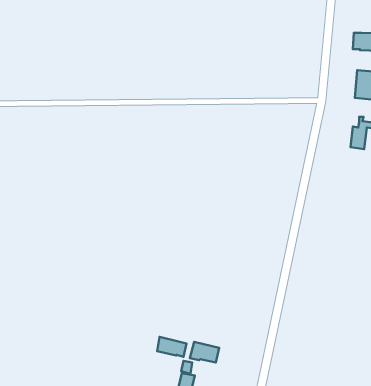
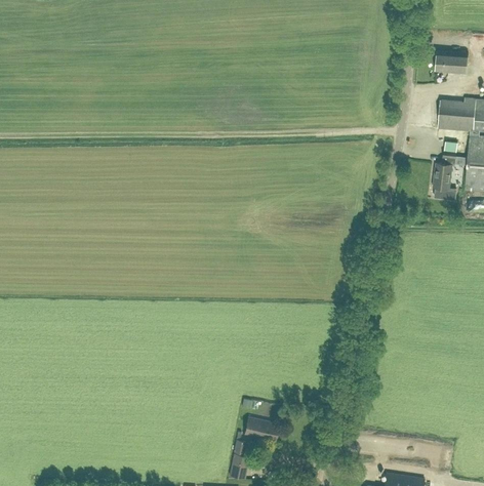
building: [157,337,186,357] -> none

